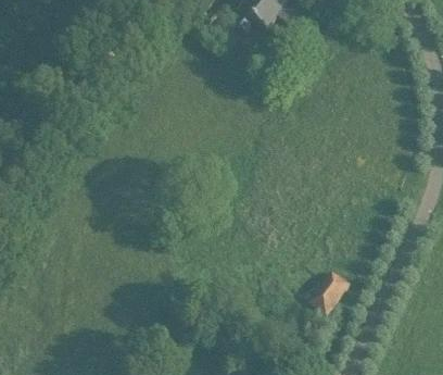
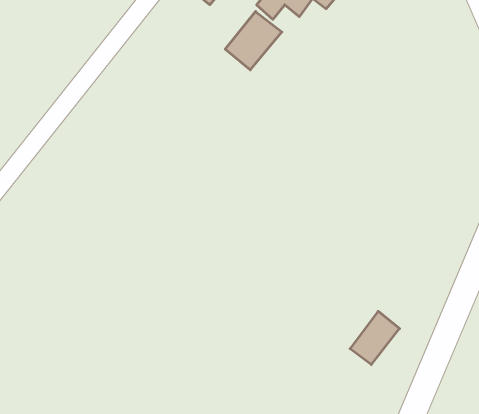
building: none -> [225,11,282,70]

